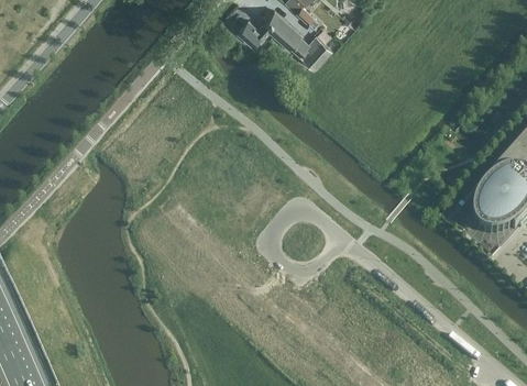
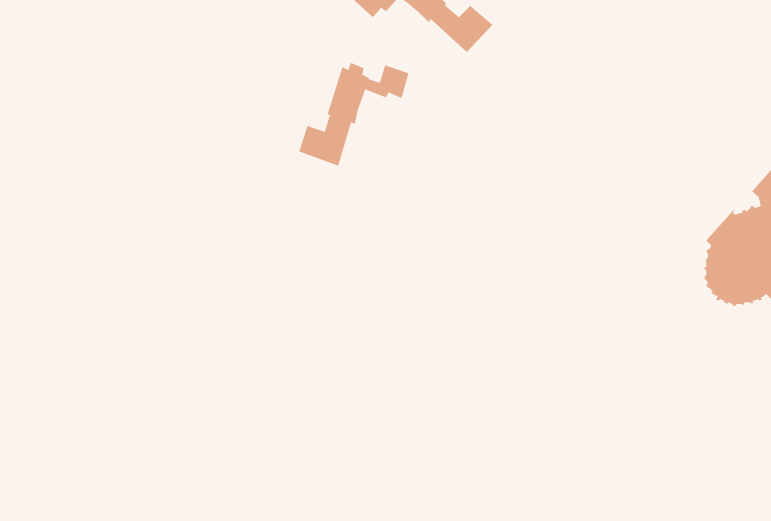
building: none -> [298,62,409,167]

